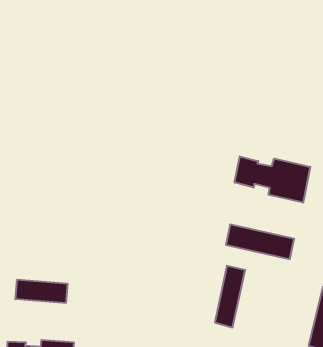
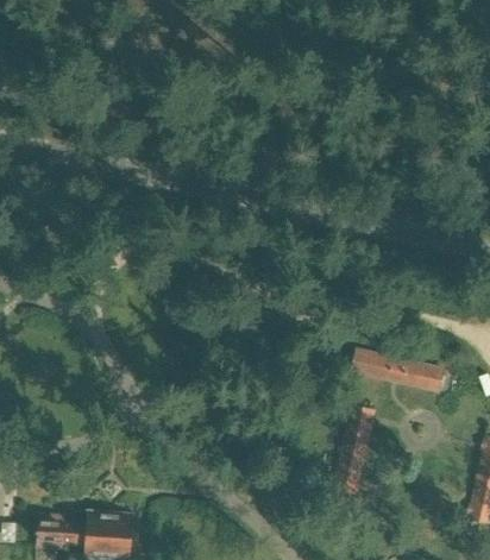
building: [235,156,310,203] -> none
building: [15,280,68,303] -> none

